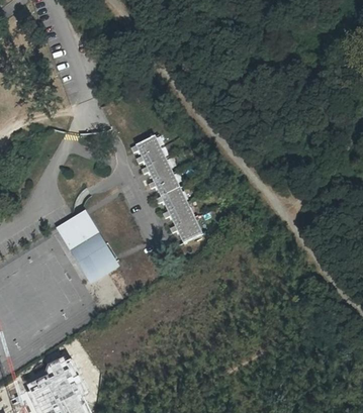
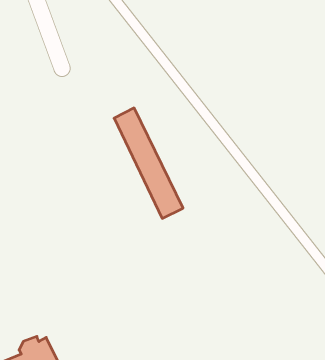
building: [60,217,113,277] -> none

